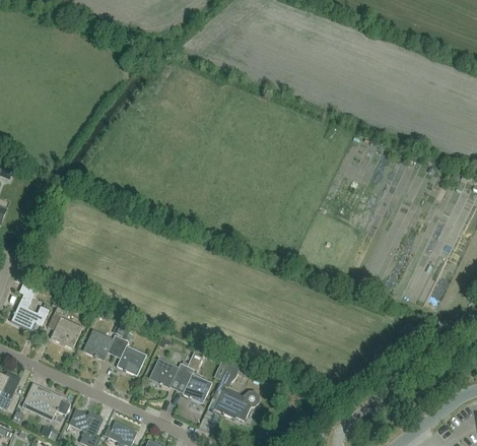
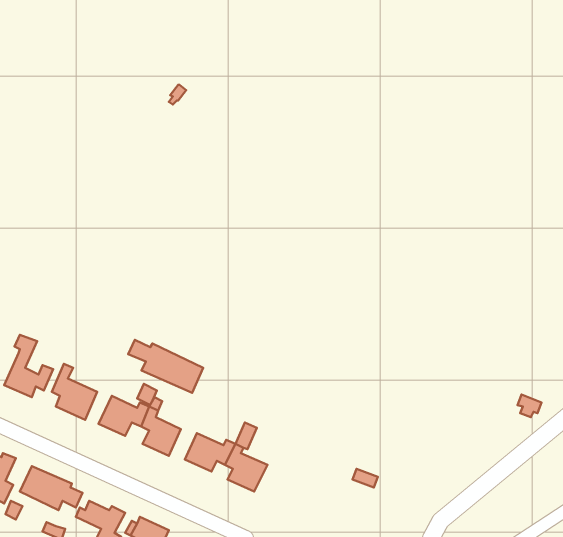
building: none -> [128,340,203,393]
building: [212,363,259,421] -> none

